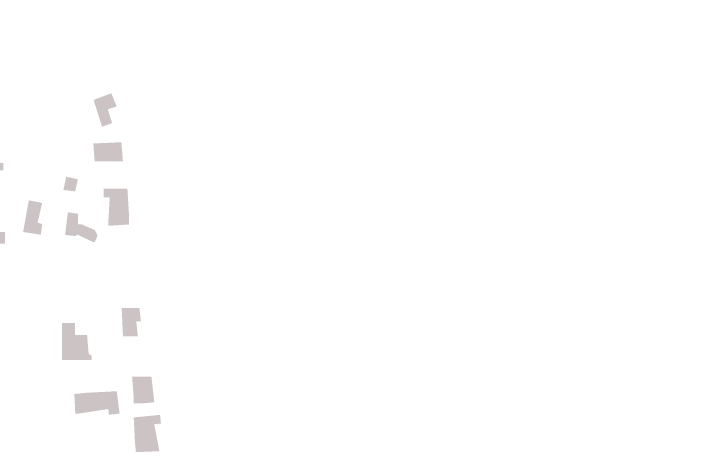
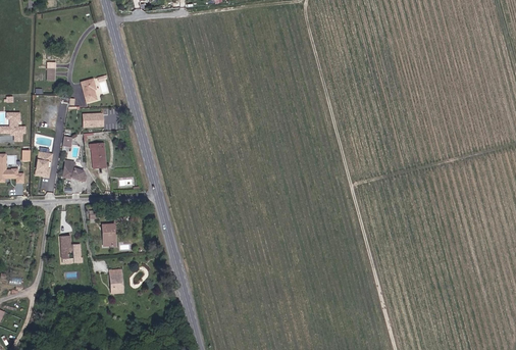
building: [74,391,120,415] -> none
building: [133,414,162,453] -> none

